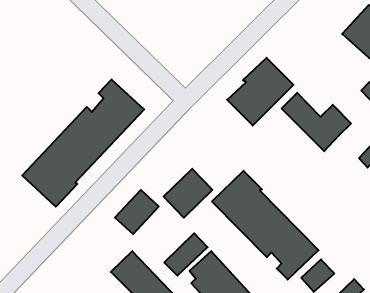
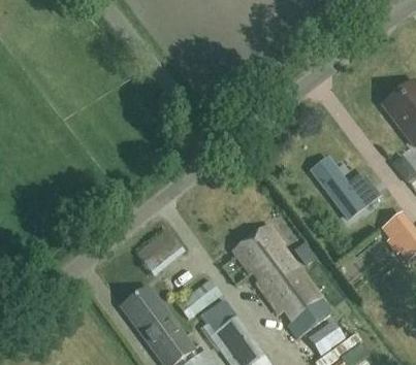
building: [227,58,293,126] -> none
building: [22,79,144,207] -> none
building: [164,169,212,218] -> none

